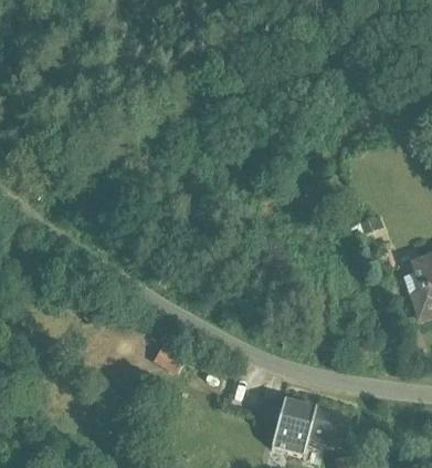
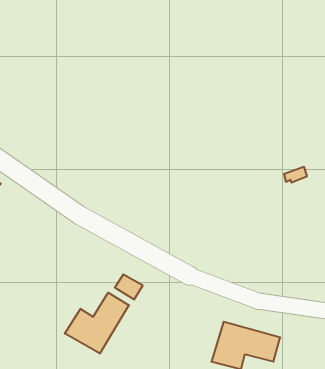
building: none -> [65,293,129,354]

